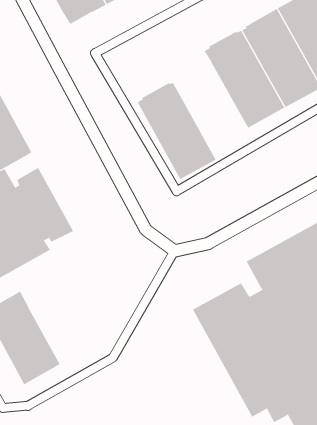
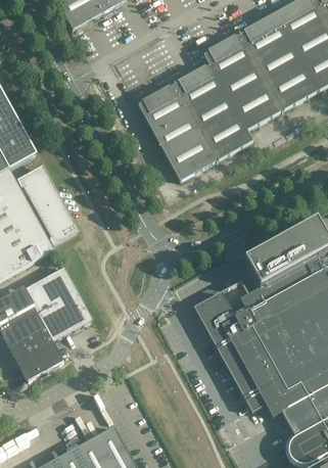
building: none -> [174,63,252,159]
building: none -> [25,266,93,340]

